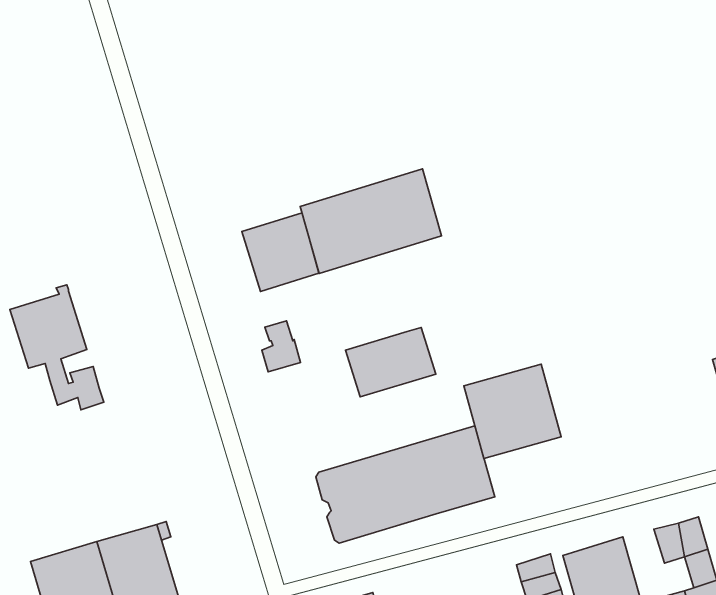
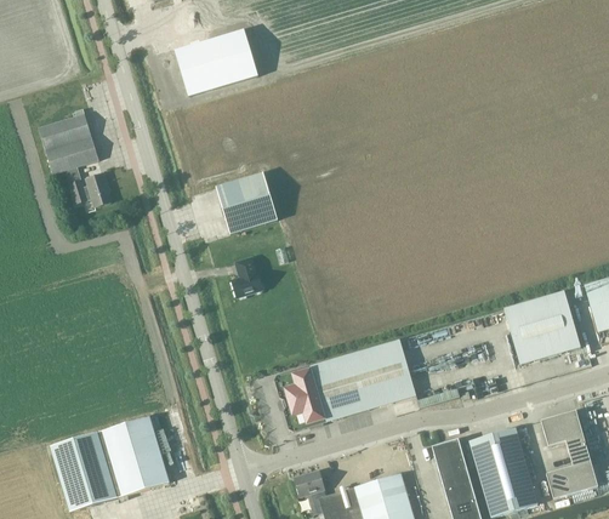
building: none -> [173,29,257,96]
building: [300,169,441,274] -> none
building: [10,285,104,410] -> [38,109,112,207]
building: [346,328,436,397] -> none
building: [464,364,561,458] -> [503,291,580,365]

